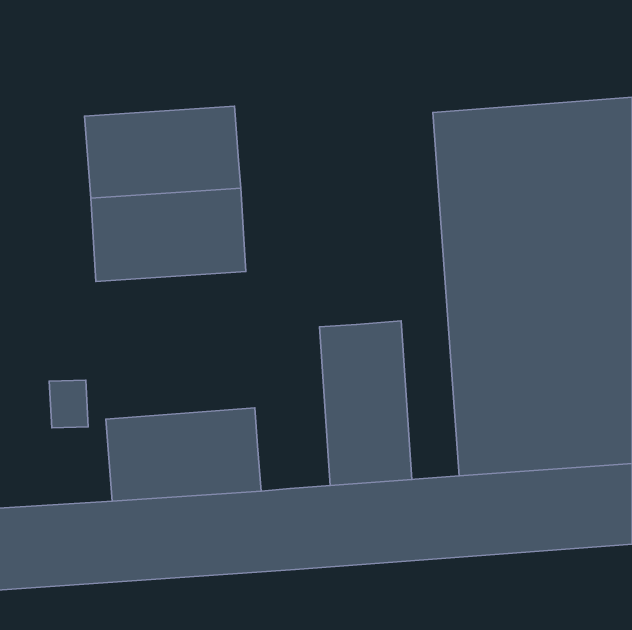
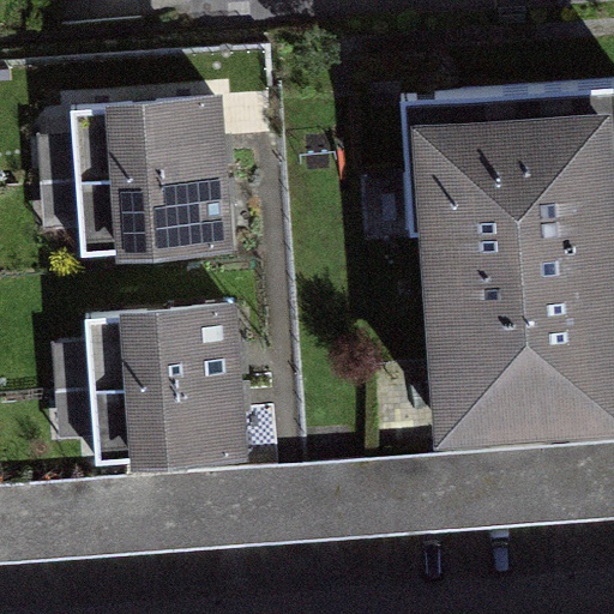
building: [320,321,412,486] -> none
building: none -> [96,309,242,398]

